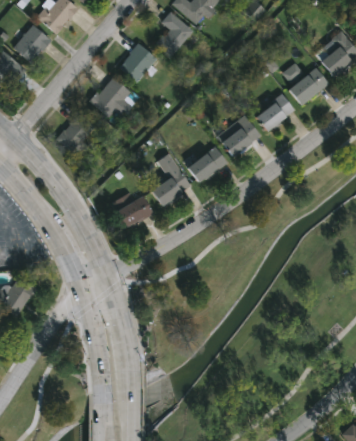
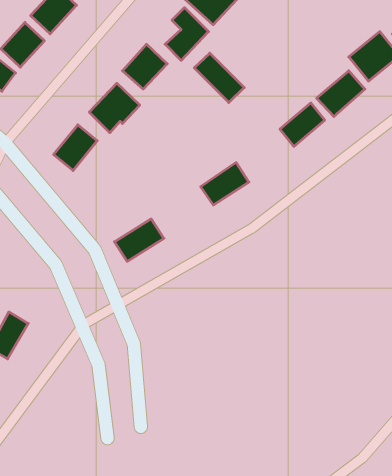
building: none -> [194,53,244,103]
building: [218,118,260,154] -> none
building: [150,153,191,205] -> none

